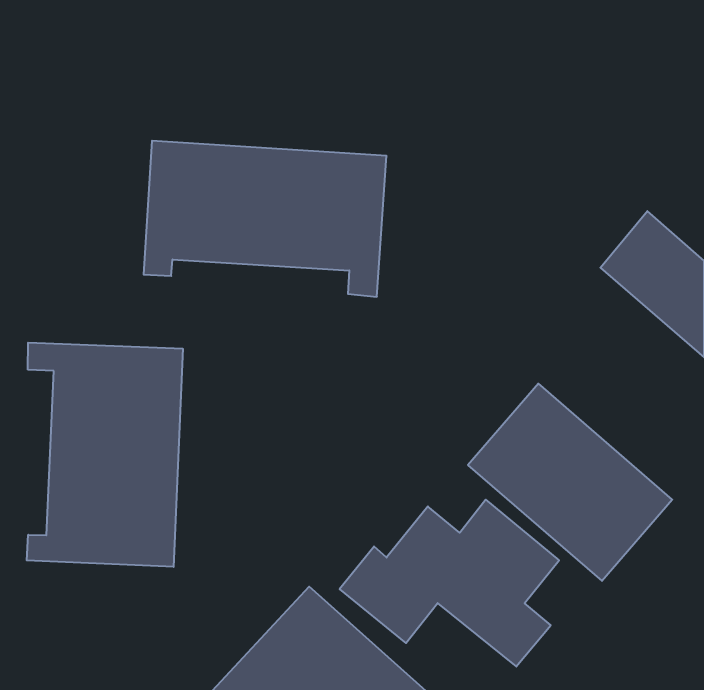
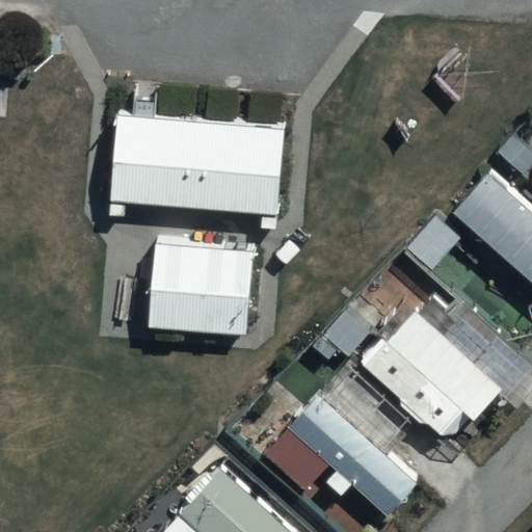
building: none -> [149,241,252,334]
building: [27,343,183,567] -> none

